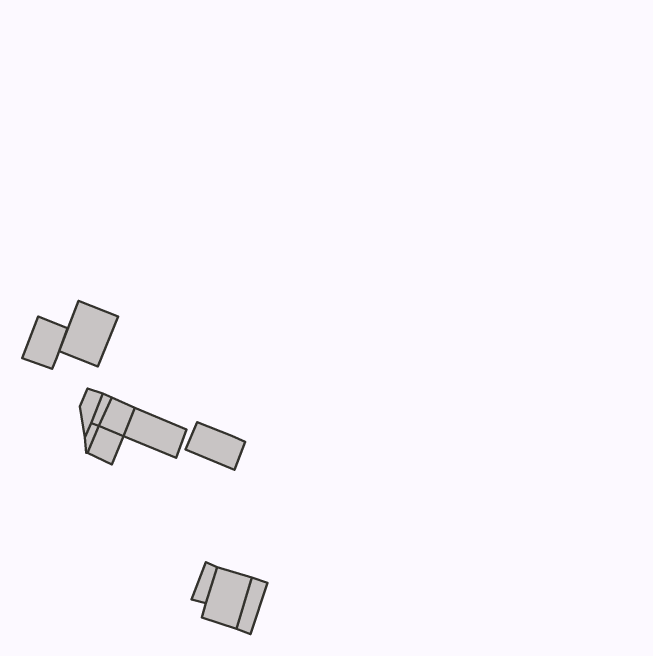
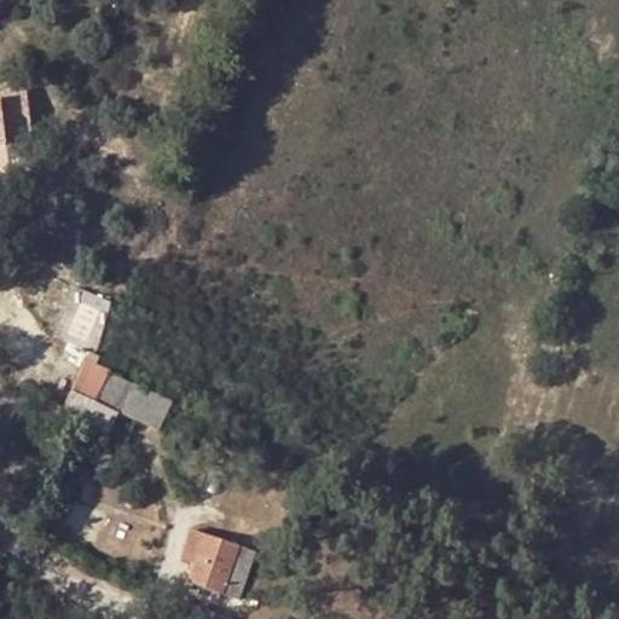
building: [22,317,68,369] -> none
building: [186,422,245,470] -> none

